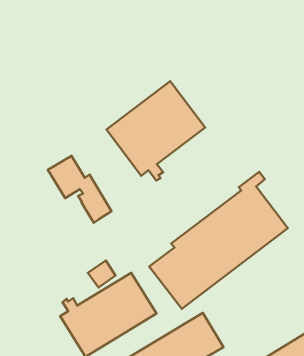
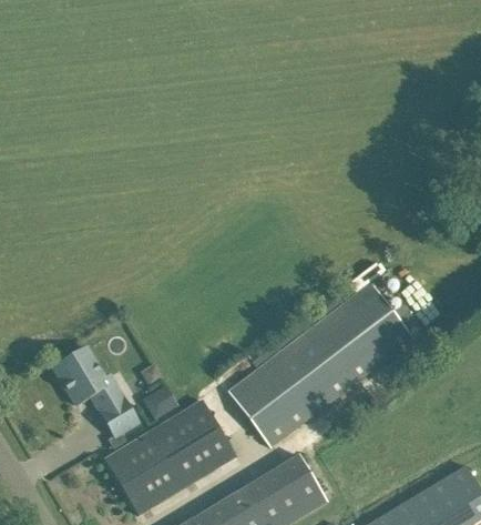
building: [107,81,205,181] -> none
building: [48,156,112,223] -> [54,347,141,438]

